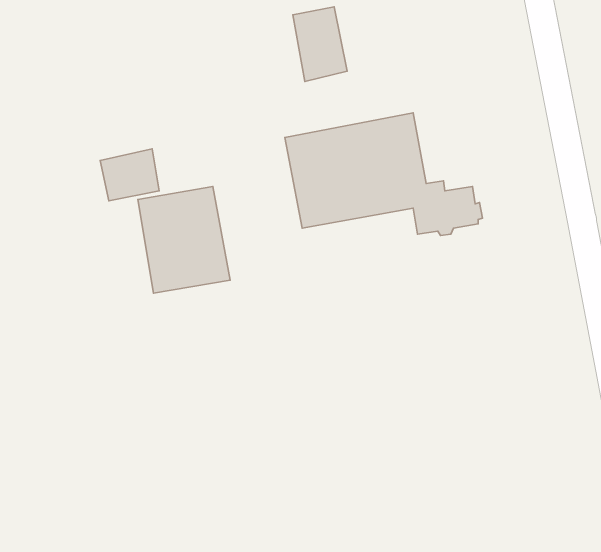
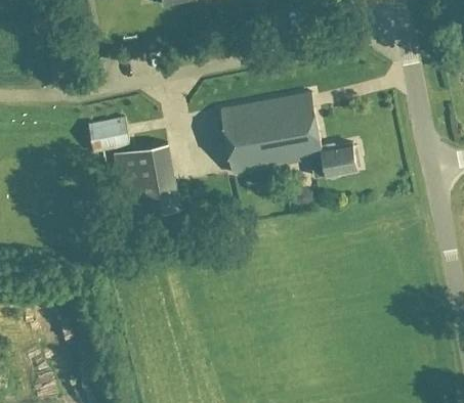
building: [293,7,347,82] -> none

